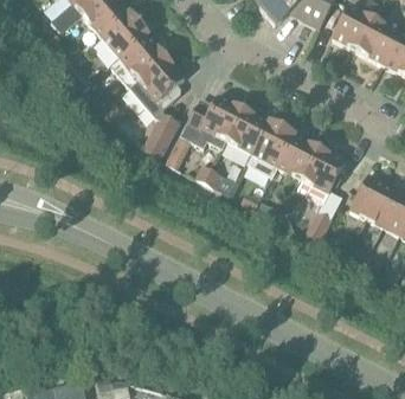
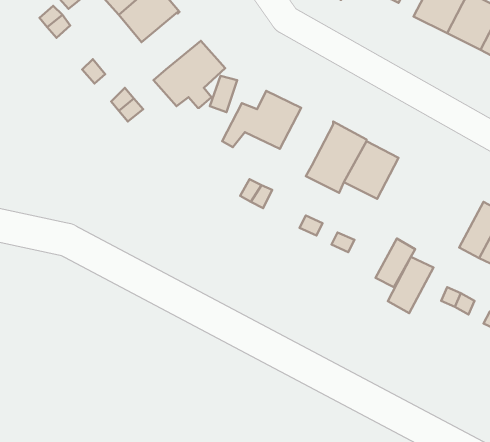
building: [111,33,166,86] -> none
building: [227,108,269,153] -> none
building: [142,111,180,159] -> none
building: [303,147,345,192] -> none
building: [351,173,386,217] -> [388,257,434,313]

